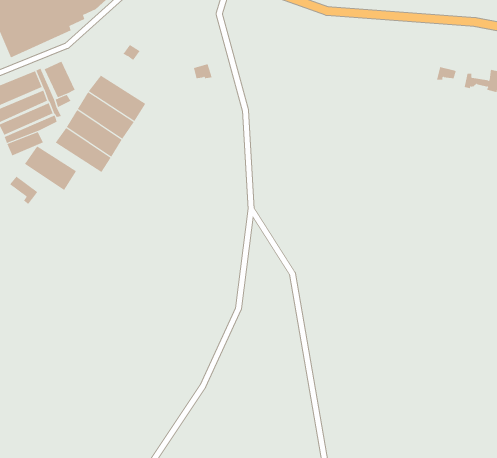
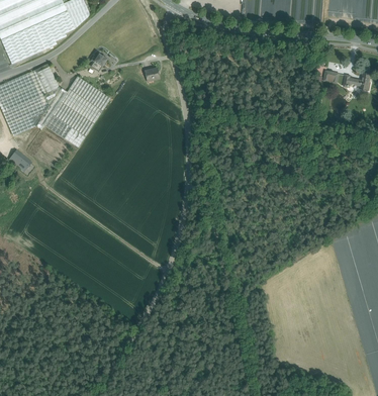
building: [24,145,77,191] -> none

